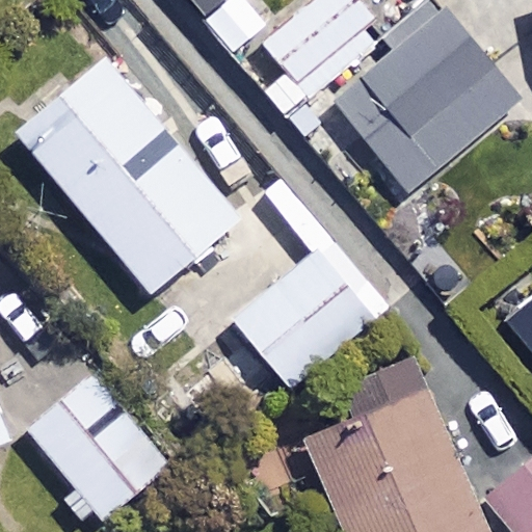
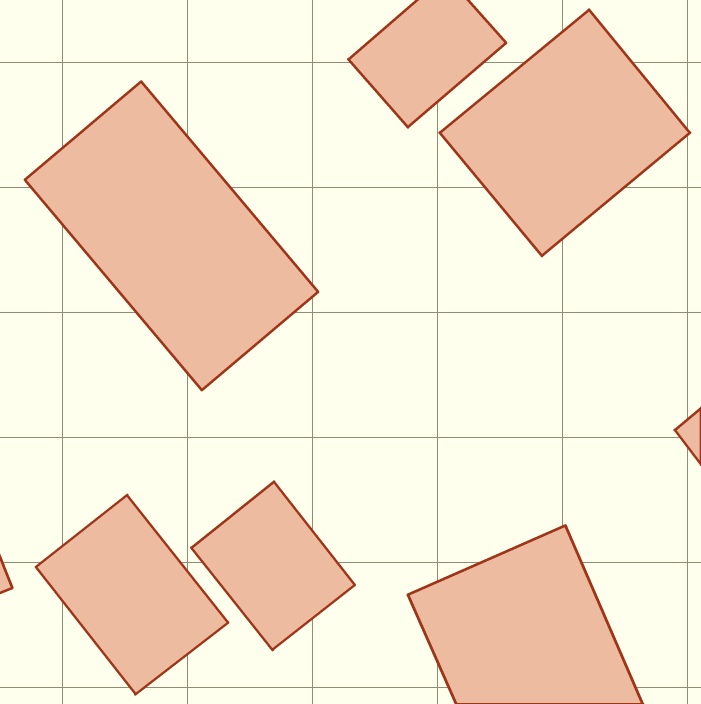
building: [233,249,369,380] -> none
building: none -> [191,482,355,650]

